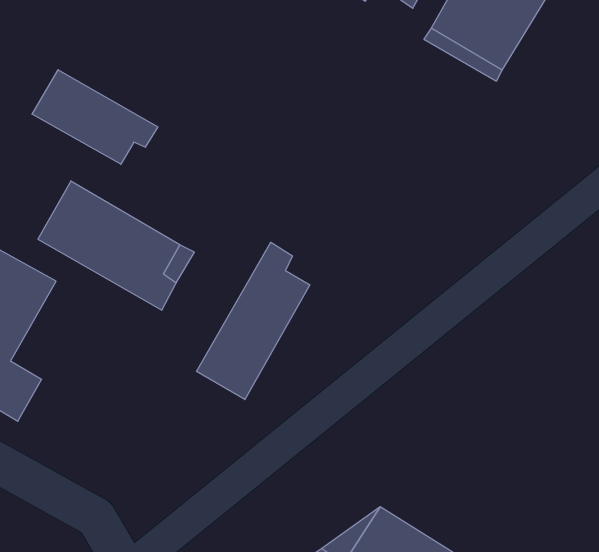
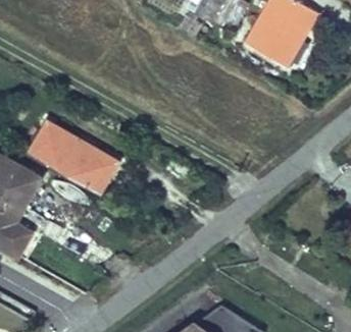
building: [32,70,158,164] -> none
building: [197,242,310,400] -> none

